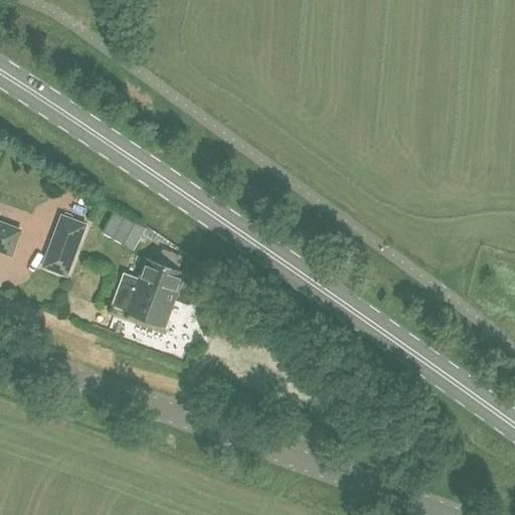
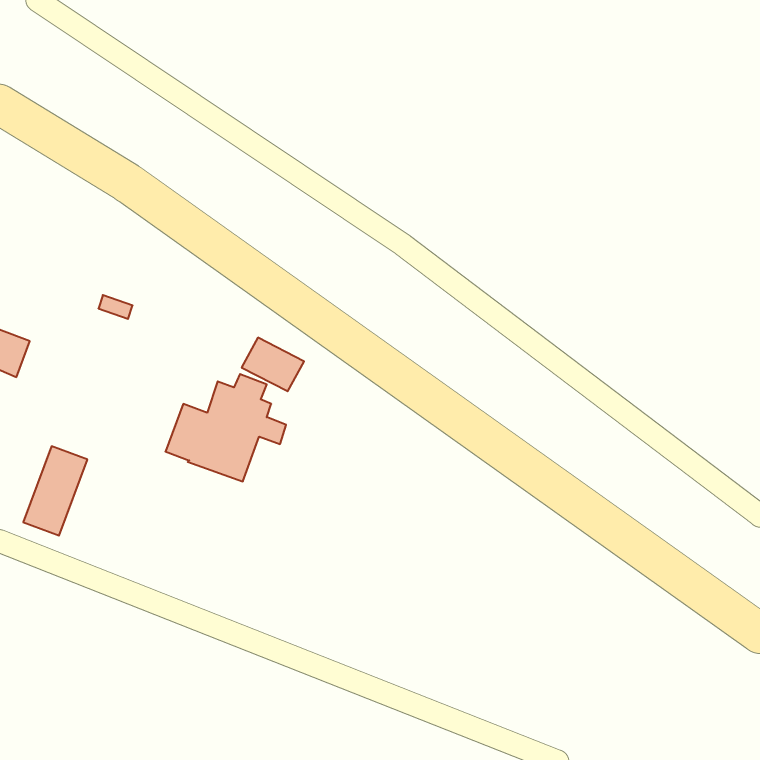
building: [102,213,144,249] -> [242,338,304,391]
building: [42,216,85,277] -> [23,446,87,536]

